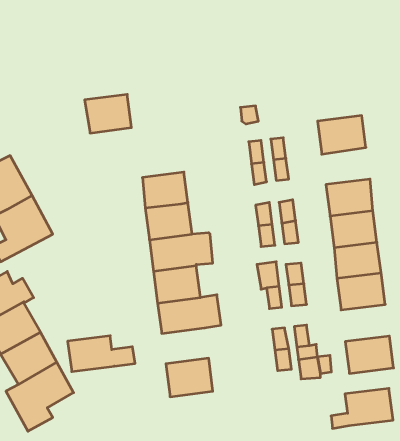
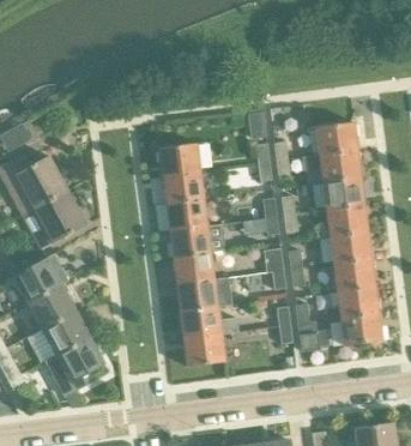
building: [85,94,131,133] -> [159,143,200,176]
building: none -> [302,150,362,182]
building: [68,336,135,372] -> [181,307,240,338]
building: [331,388,393,428] -> [325,287,379,321]

